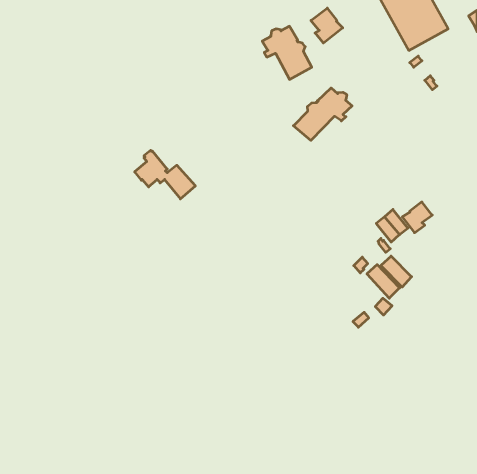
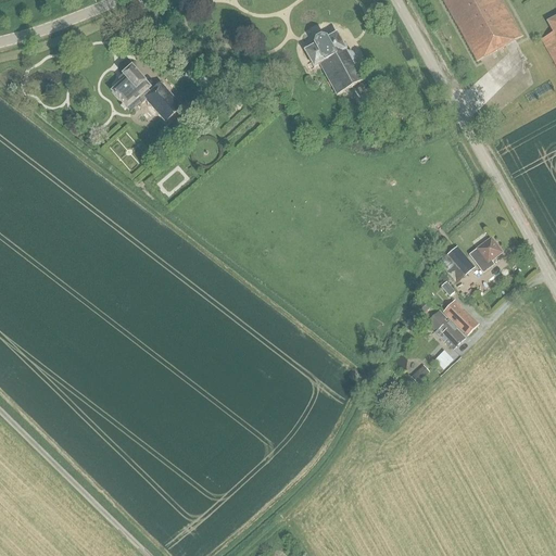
building: [311,8,343,43] -> none
building: [293,88,352,140] -> none
building: [135,150,195,199] -> [112,63,182,119]

